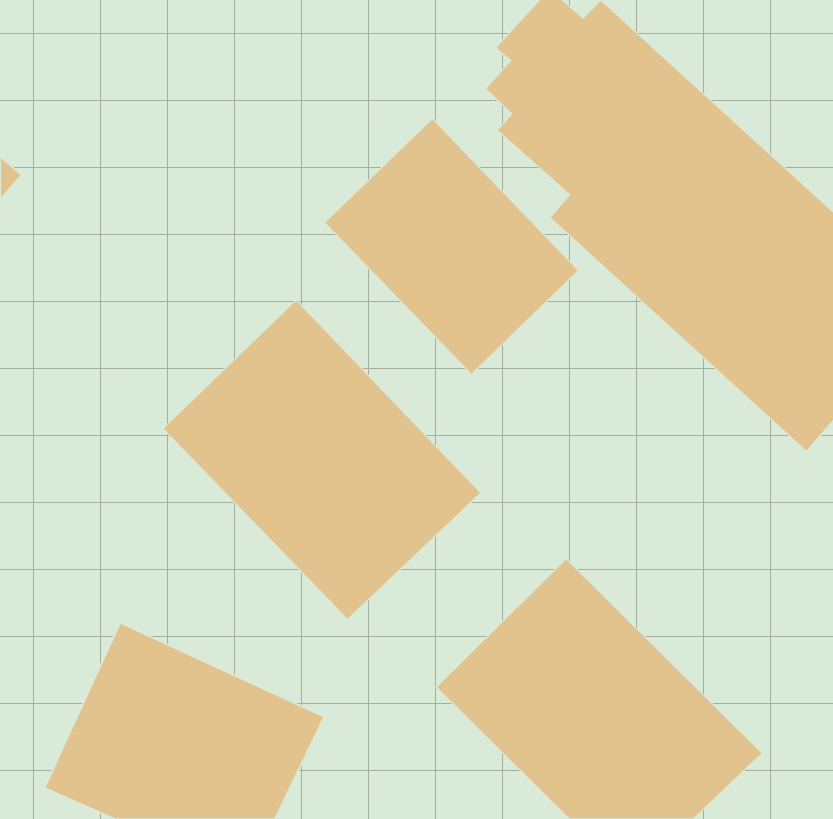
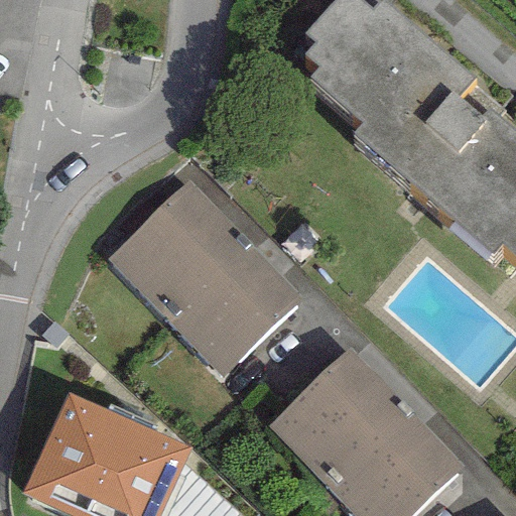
building: [324,118,578,375] -> none

